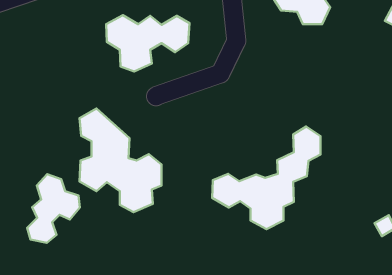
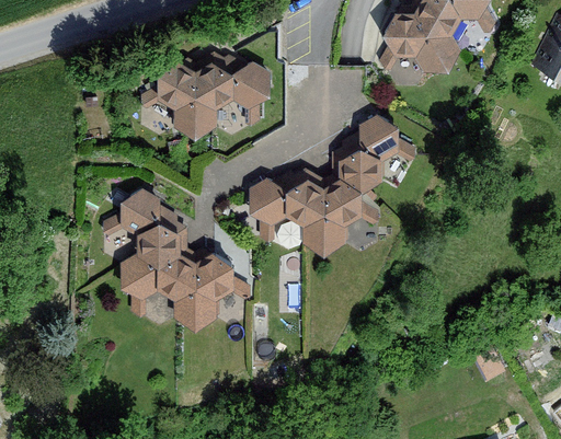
building: [212,126,320,229] -> [249,116,397,256]
building: [27,174,80,243] -> none

